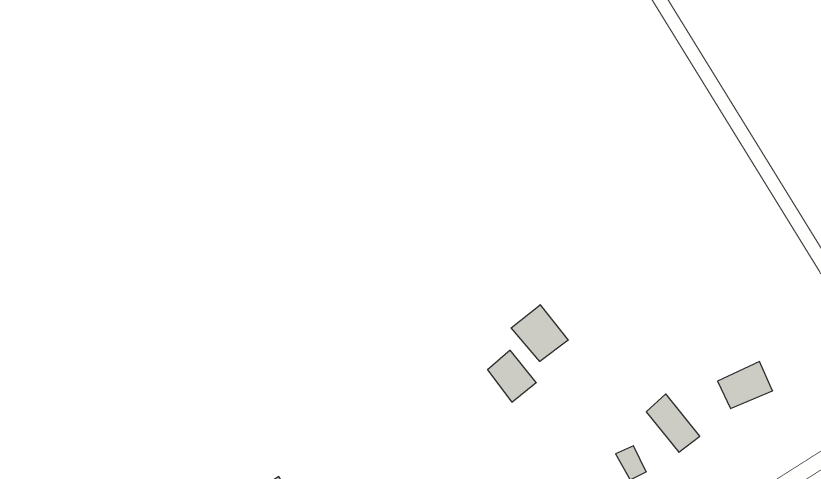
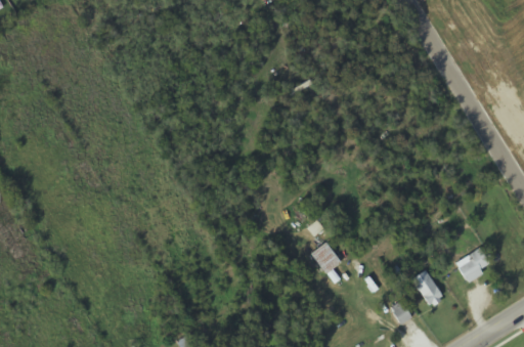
building: [511,305,568,361] -> none

